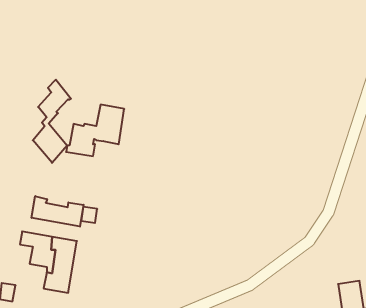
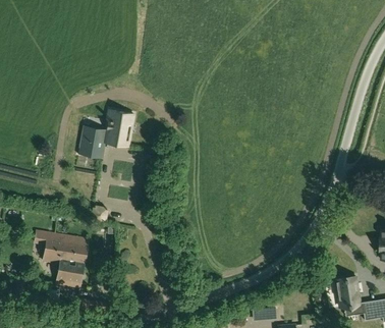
building: [33,80,71,163] -> none
building: [32,196,84,227] -> none

